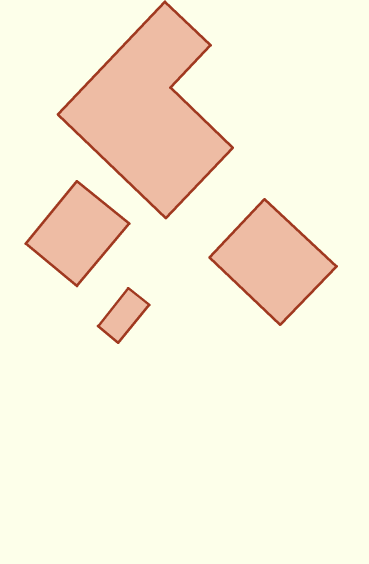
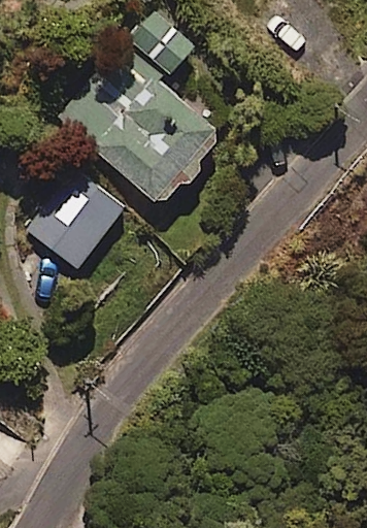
building: [210,199,337,325] -> none

